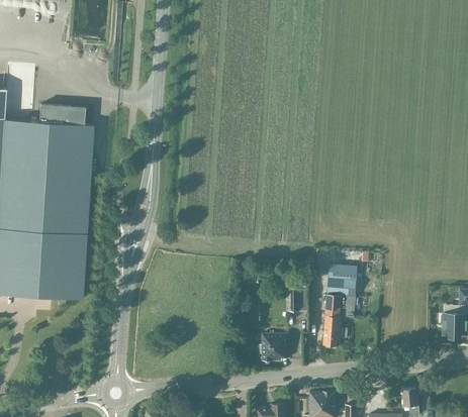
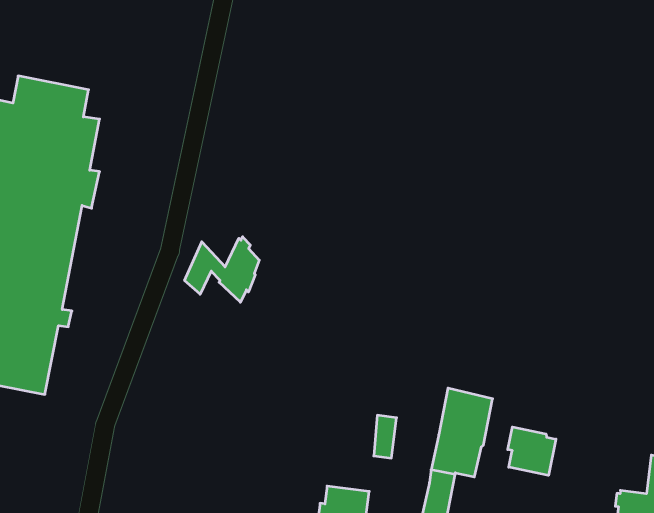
building: none -> [185,237,259,302]
building: none -> [508,427,556,475]

